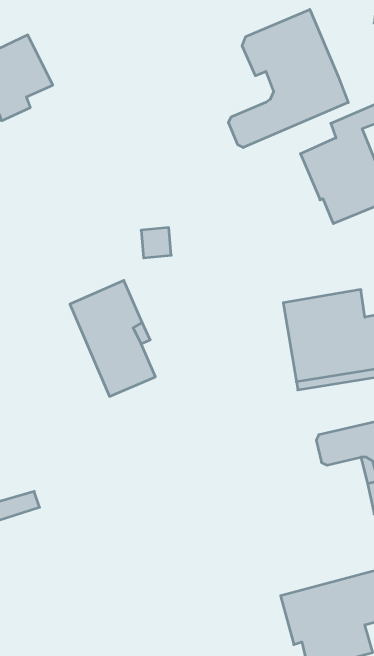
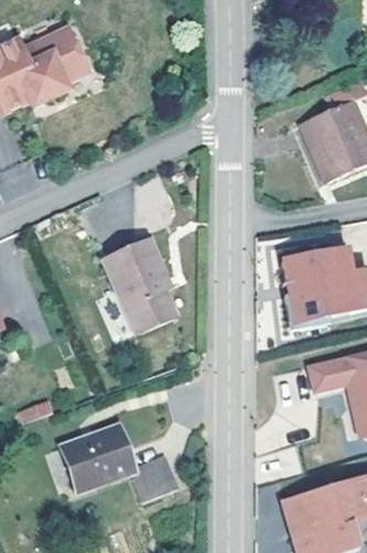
building: [228,9,348,148] -> none
building: none -> [62,425,171,505]

